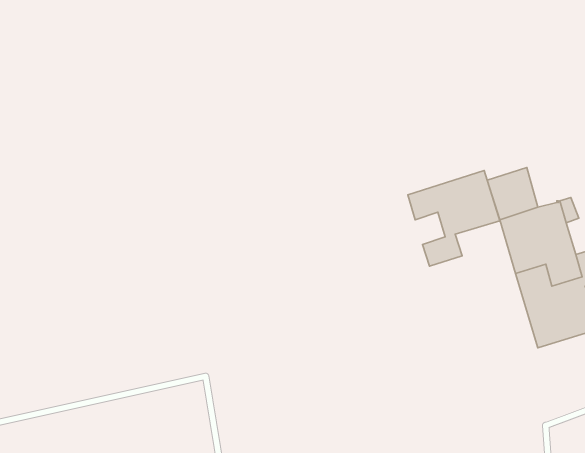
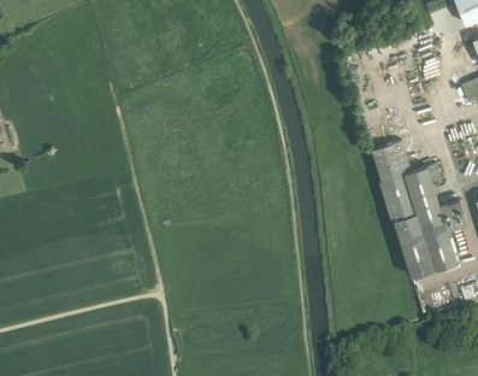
building: [408,170,500,266] -> none

